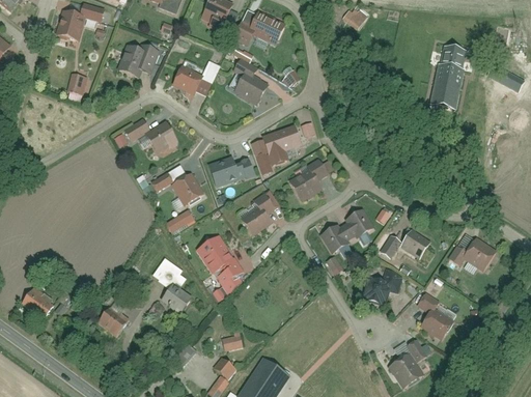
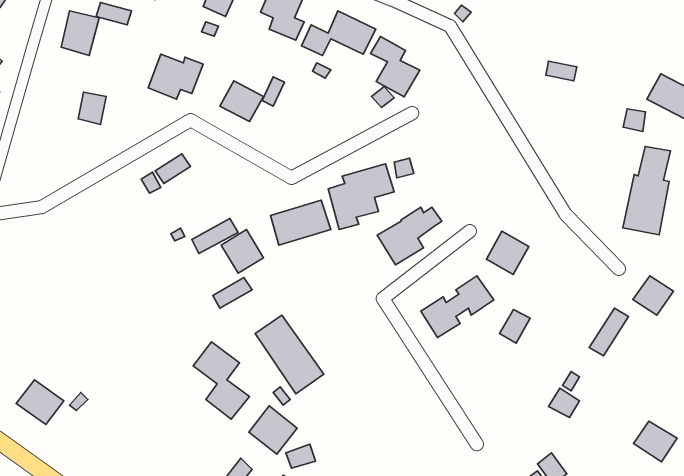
building: [429,44,465,109] -> [623,147,671,235]
building: [231,59,268,104] -> [371,37,420,97]
building: [145,120,177,153] -> none
building: [240,194,273,235] -> none
building: [400,227,431,259] -> [487,231,529,275]
building: [465,240,495,270] -> [633,276,674,315]
building: [363,268,403,306] -> none
building: none -> [249,406,297,454]
building: [99,305,132,337] -> none
building: [421,310,453,340] -> [634,421,677,462]

